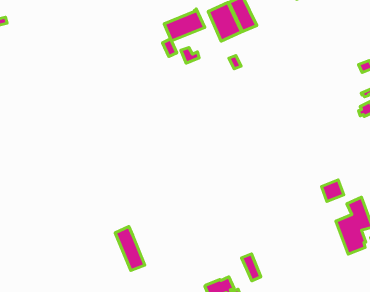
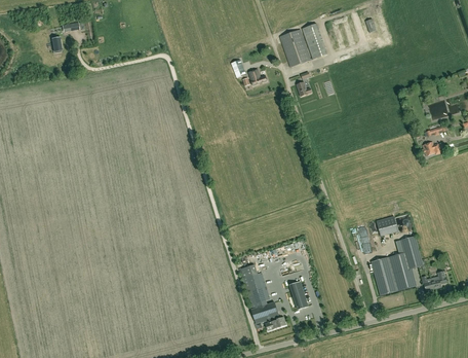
building: [164,9,205,41] -> none
building: none -> [372,257,397,295]
building: [115,226,145,271] -> [240,264,267,309]

